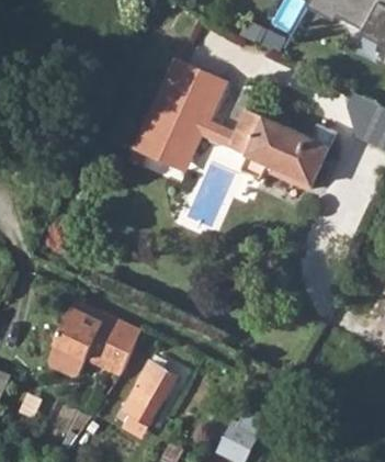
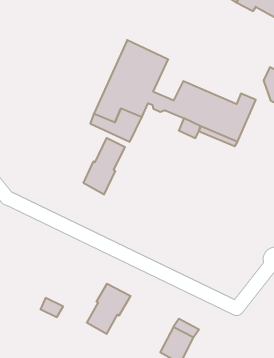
building: none -> [84,138,125,195]
building: [48,300,140,378] -> none

